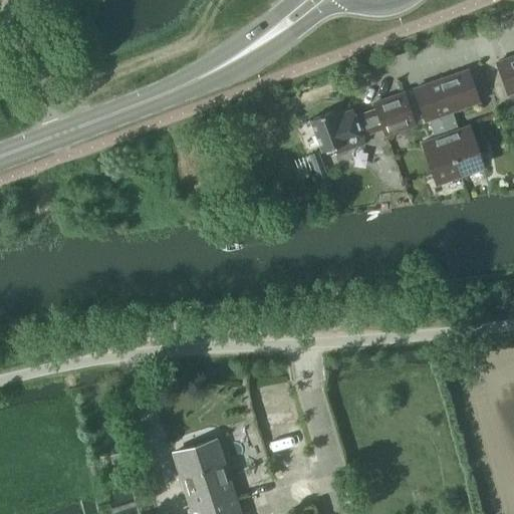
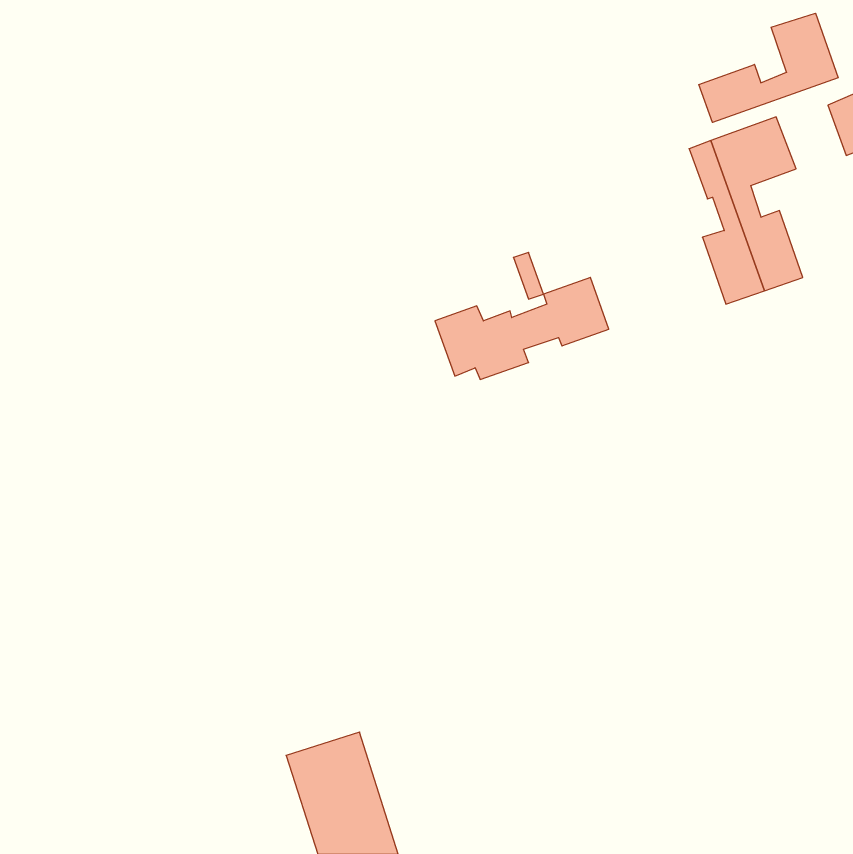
building: none -> [699,13,838,122]
building: [309,93,414,155] -> [435,277,609,379]

